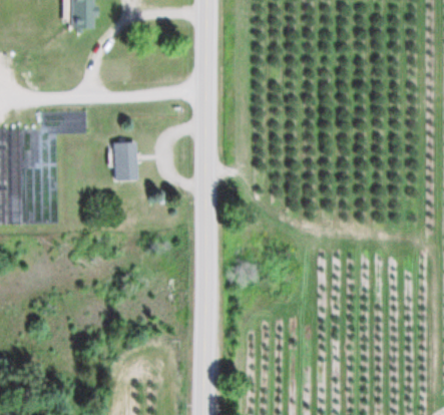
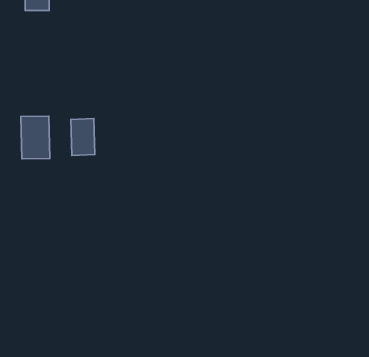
building: none -> [21,116,50,159]

